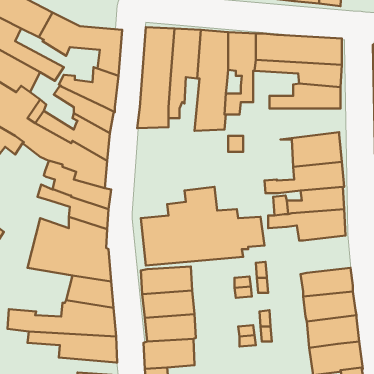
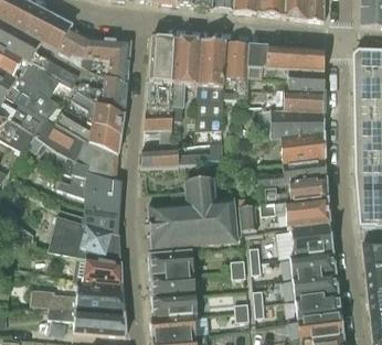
building: none -> [270,109,325,137]
building: none -> [141,140,222,165]
building: none -> [291,222,333,255]

